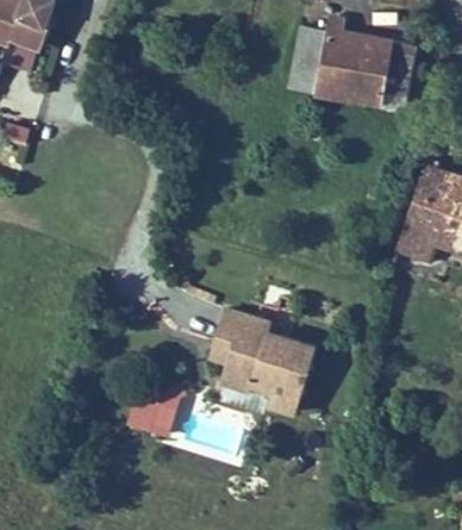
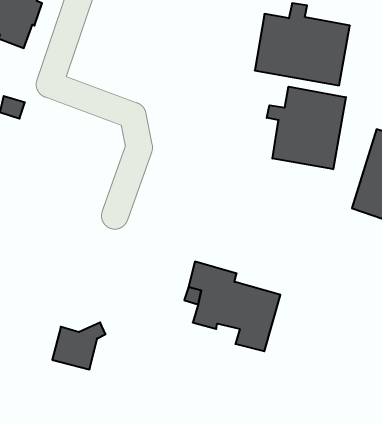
building: none -> [267,87,346,169]
building: [129,381,188,434] -> [52,322,106,369]

